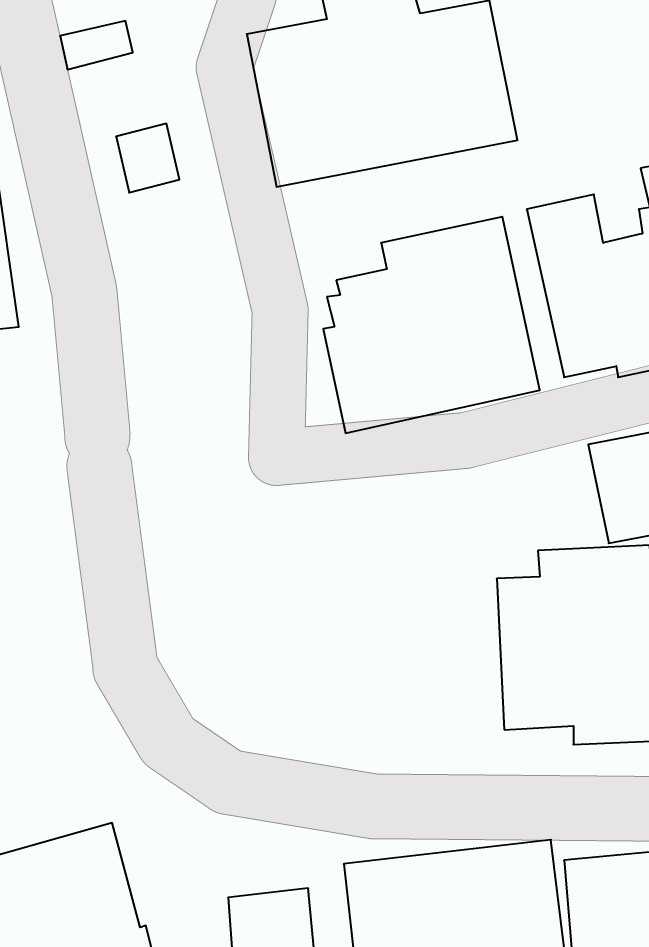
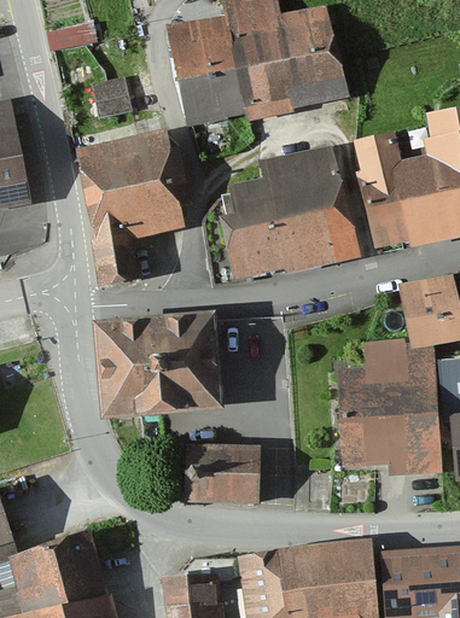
building: none -> [76,132,185,281]
building: none -> [94,317,229,425]
building: none -> [185,442,266,505]

